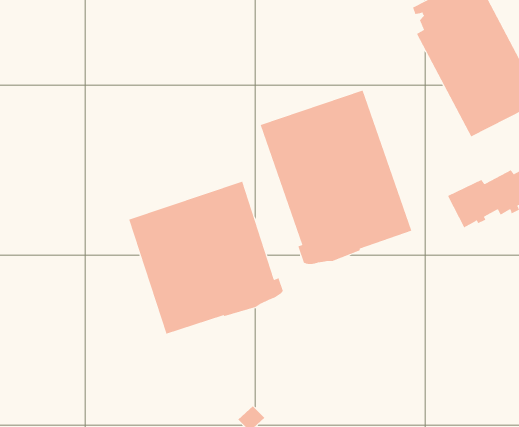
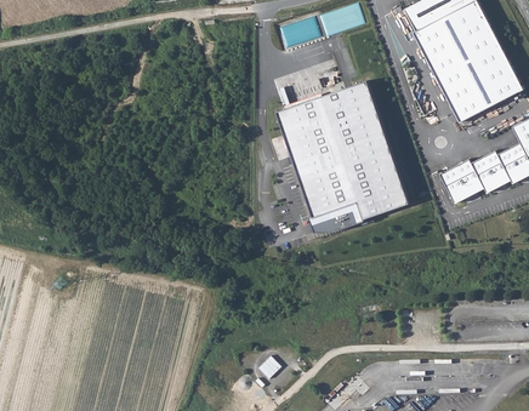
building: [128,181,284,335] -> none

